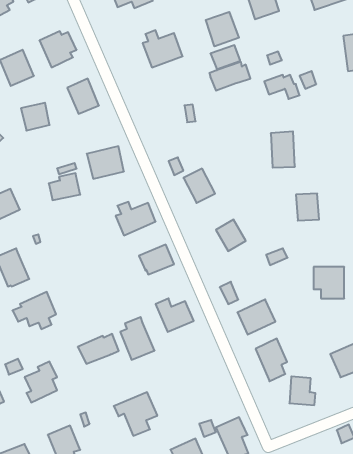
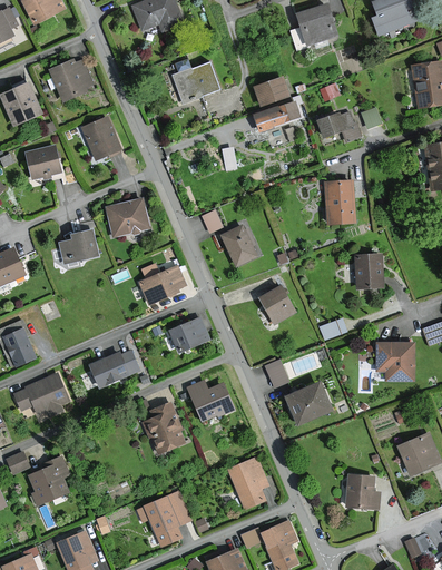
building: [206,12,239,46] -> none
building: [78,334,119,364] -> [89,351,138,386]
building: [256,339,287,381] -> [228,458,266,509]

